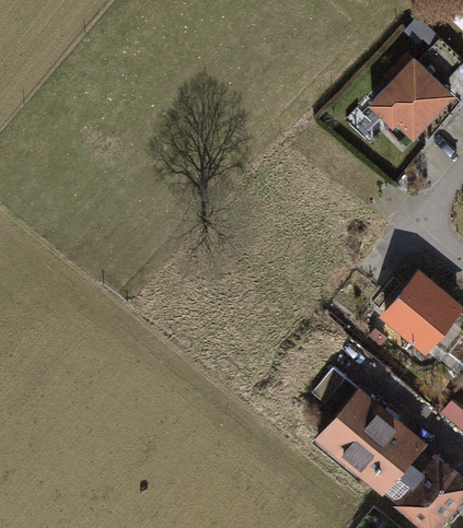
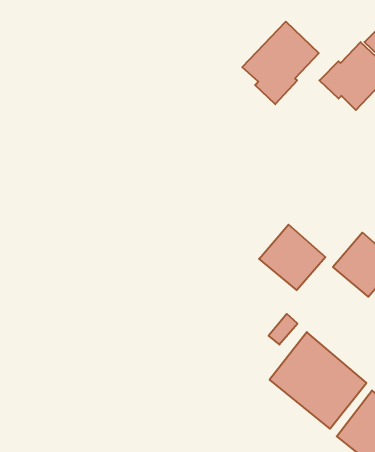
building: none -> [242,22,319,104]
building: none -> [259,225,325,290]

